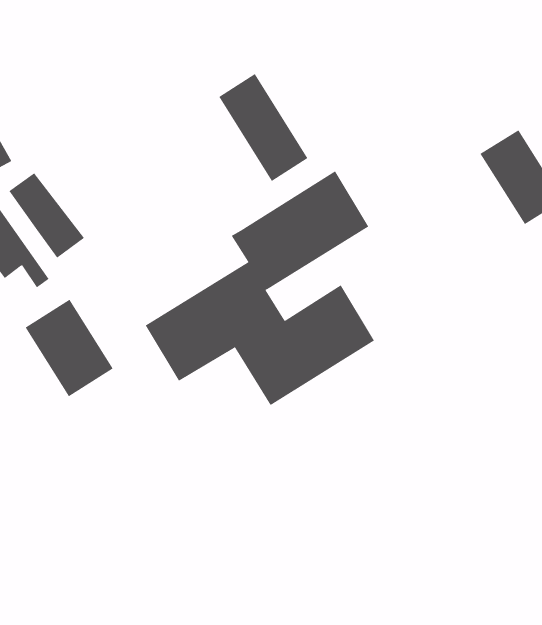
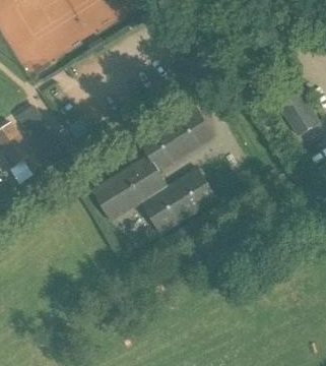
building: [219,73,308,182] -> none
building: [25,299,113,397] -> none

